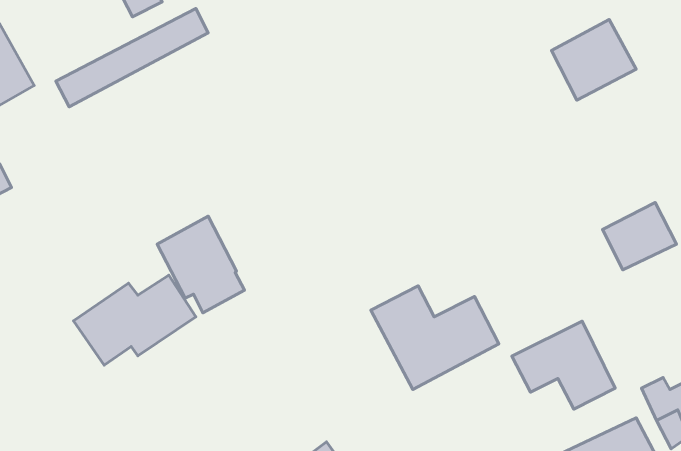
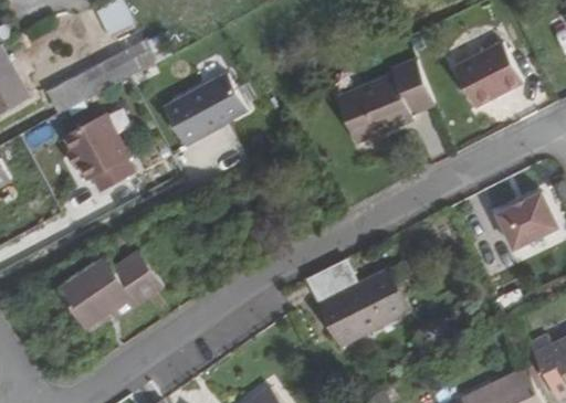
building: none -> [337,60,432,141]
building: none -> [165,74,245,146]
building: [157,216,245,313] -> [63,113,135,192]
building: [512,321,615,409] -> none

